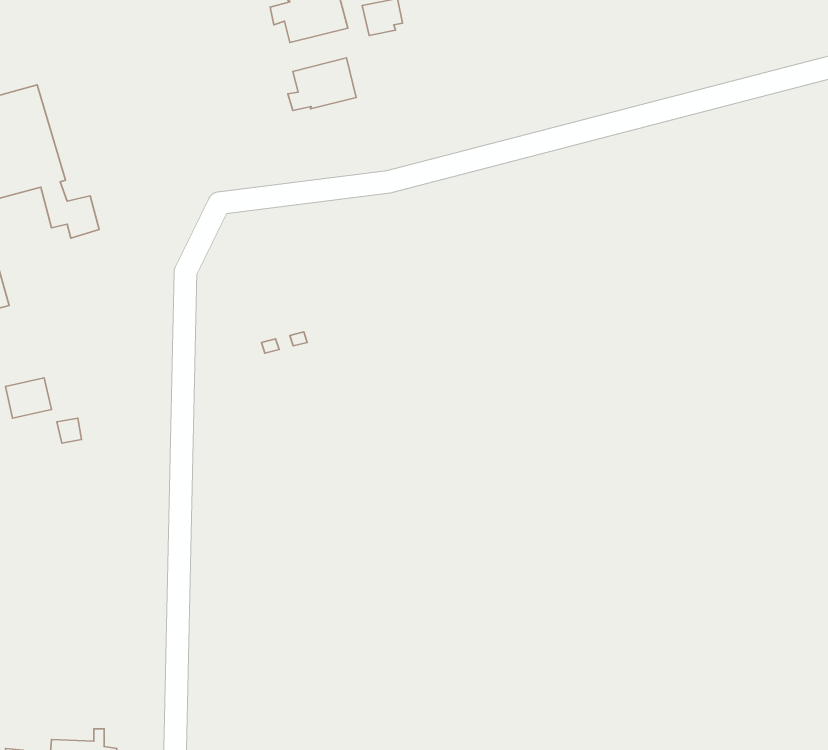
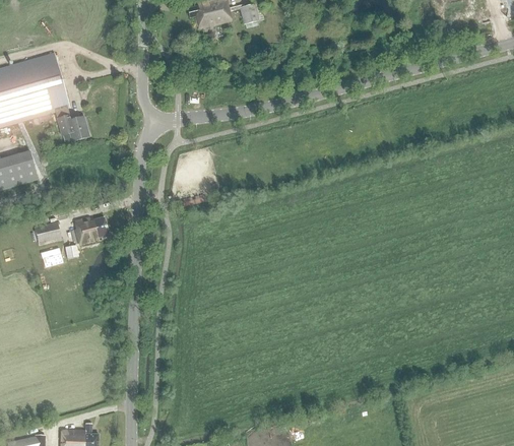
building: [288,58,356,111] -> none
building: none -> [75,216,109,245]

